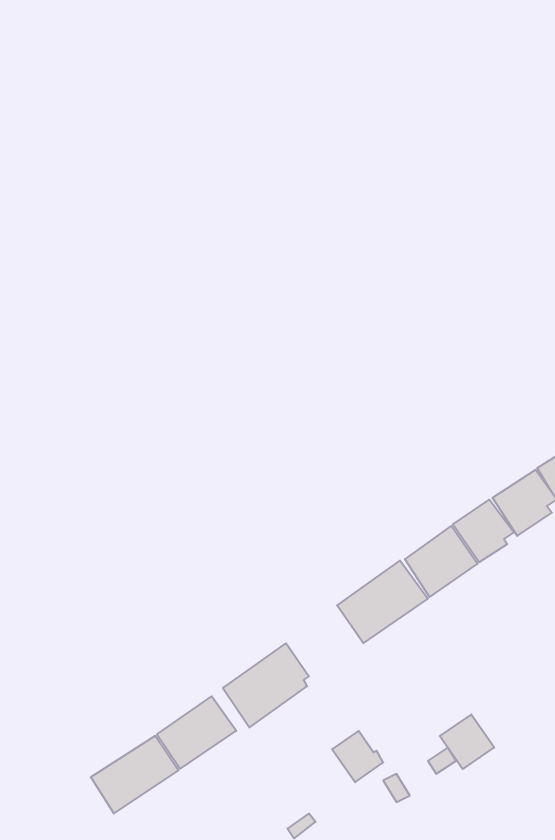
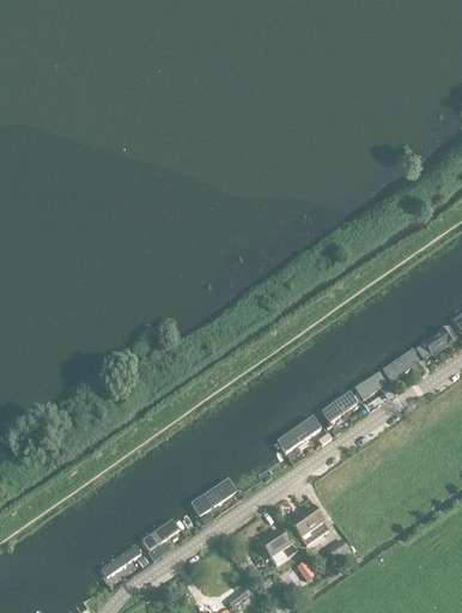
building: [440,714,494,769] -> [292,508,332,547]

